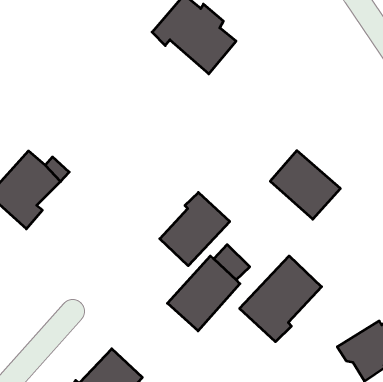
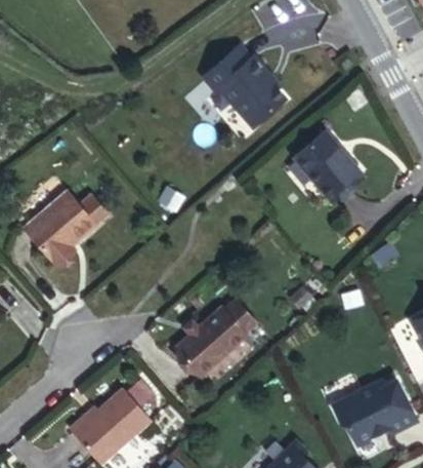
building: [270,151,340,219] -> [295,129,362,197]
building: [160,192,230,266] -> none
building: [240,256,322,342] -> none

